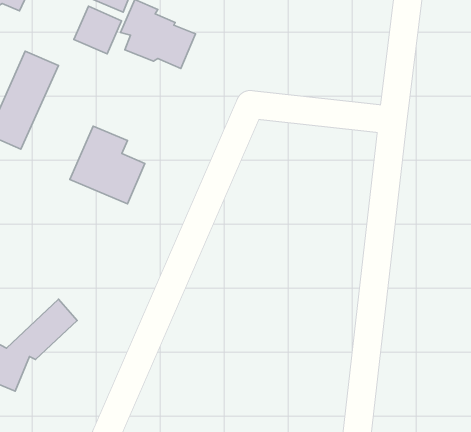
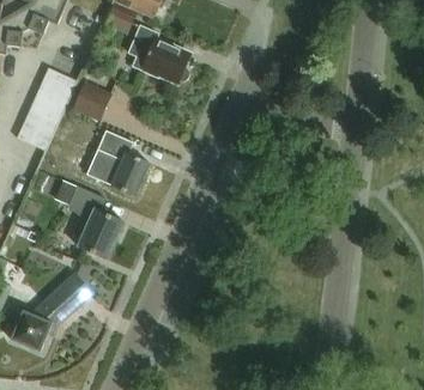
building: [74,6,122,54] -> [71,83,110,122]
building: none -> [54,179,122,257]

